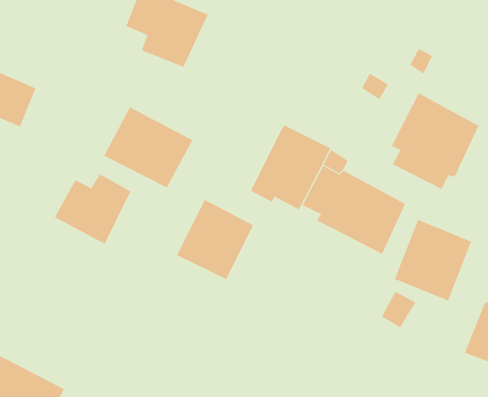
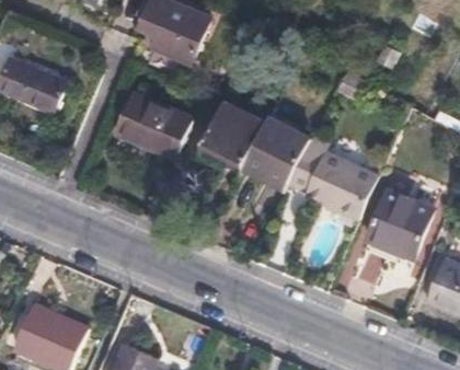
building: [391,93,479,190] -> none
building: [54,173,131,244] -> none
building: [176,199,254,280] -> [202,99,267,166]

